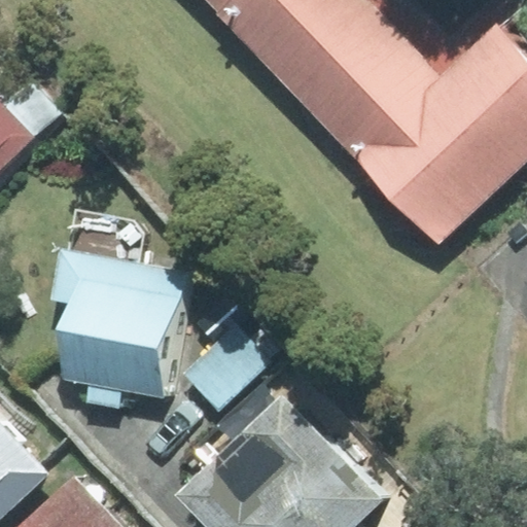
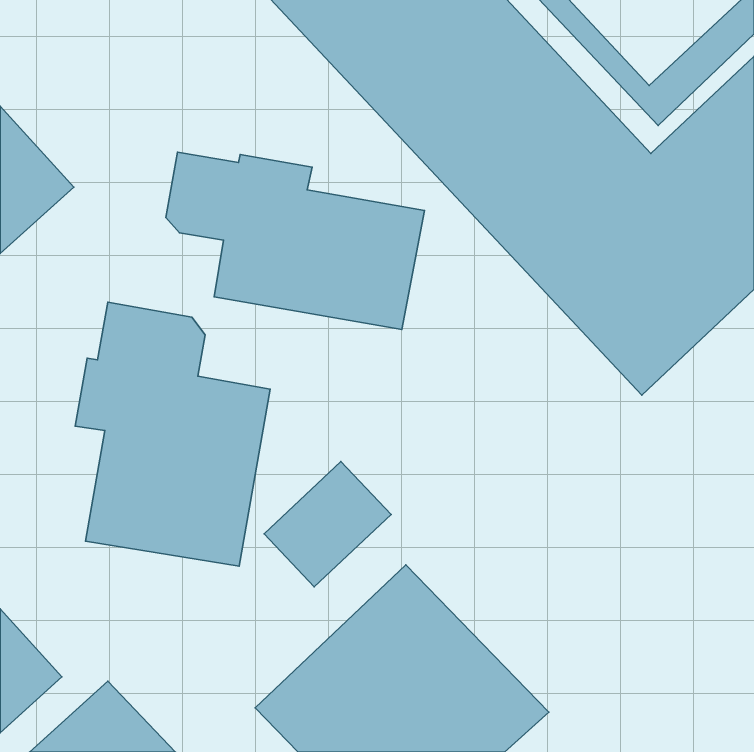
building: none -> [166,152,424,330]

